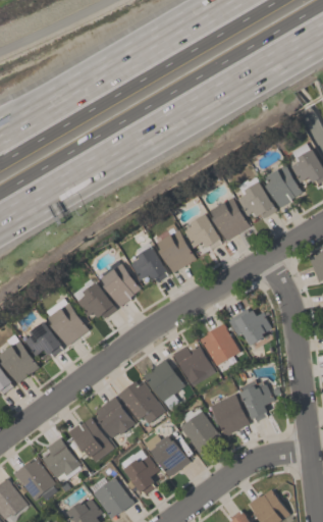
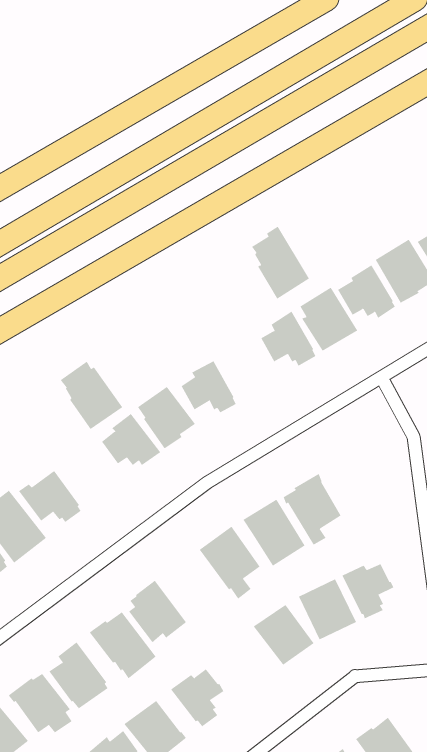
building: [156,223,196,273] -> [251,226,310,300]
building: [46,299,89,346] -> [60,361,123,430]
building: [228,309,272,346] -> none
building: [117,381,165,424] -> none
building: [144,434,191,477] -> none

